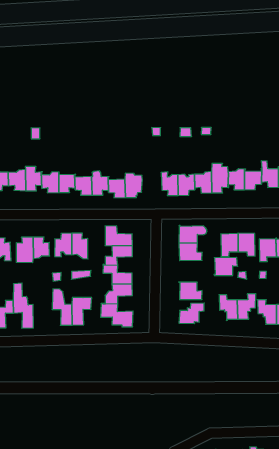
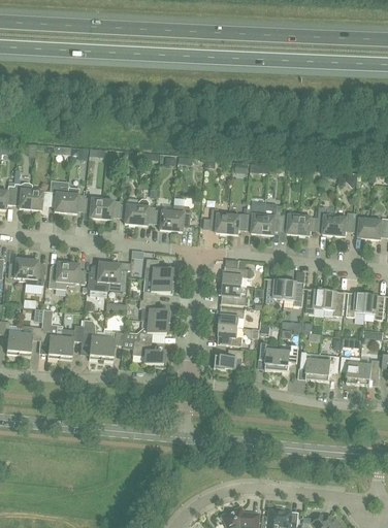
building: [214,257,238,275] -> [218,306,244,327]
building: none -> [59,325,83,359]

